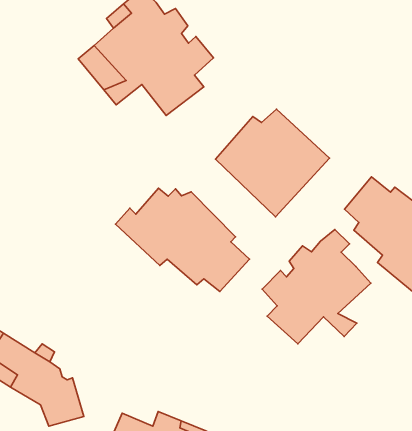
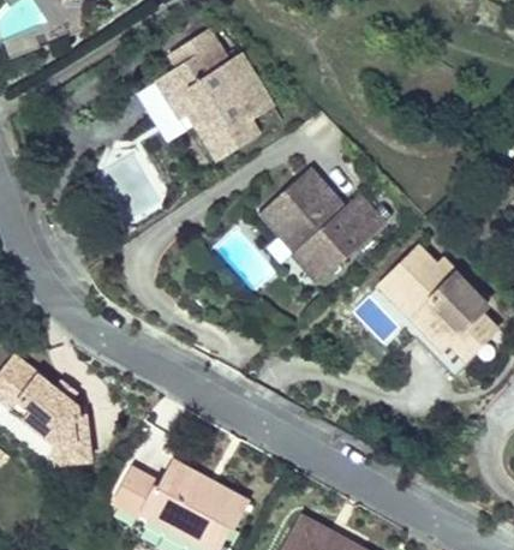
building: [116,188,249,292] -> none
building: [262,230,371,344] -> none

